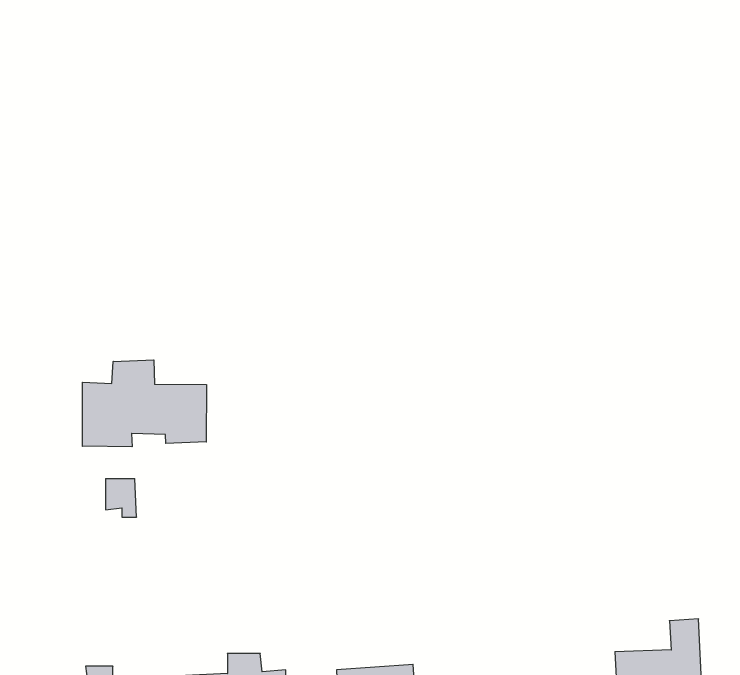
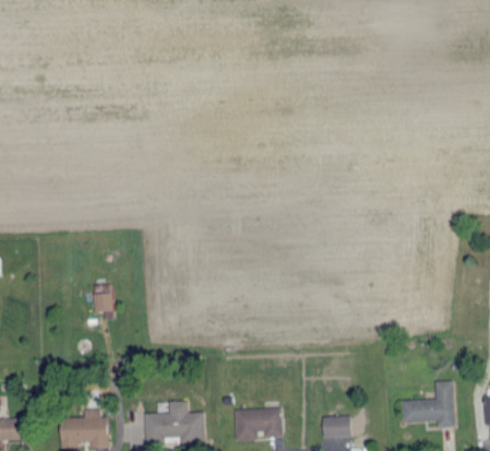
building: [82,360,206,447] -> none

